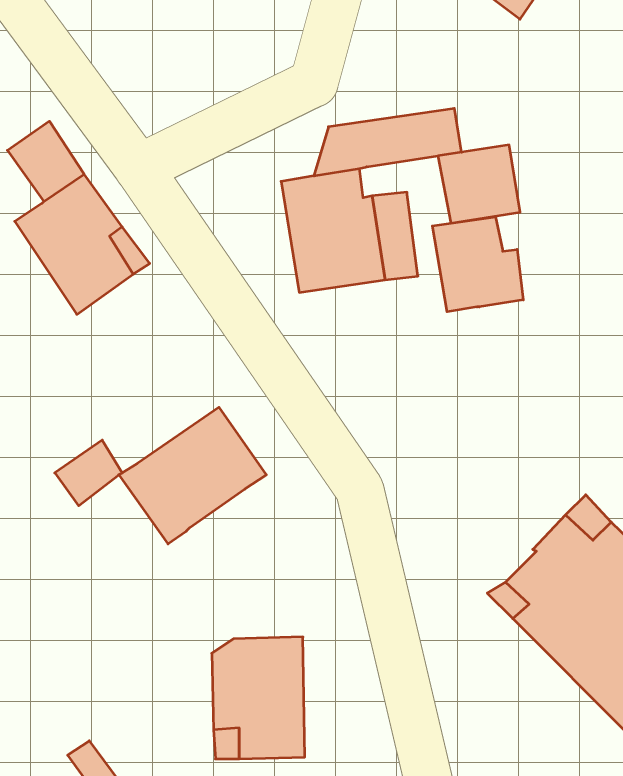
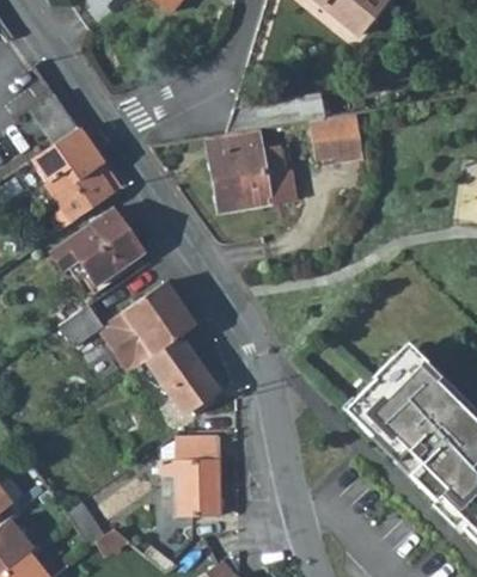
building: [432,217,523,312] -> none
building: none -> [53,211,143,287]
building: none -> [146,338,218,415]

